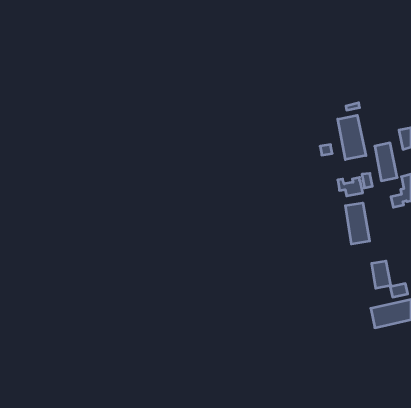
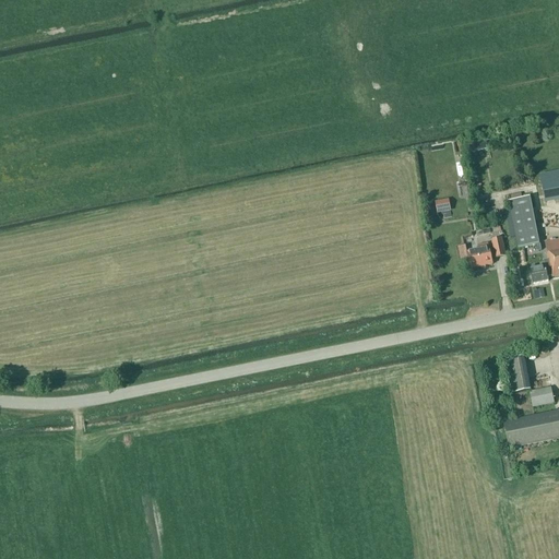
building: [338,115,366,160] -> none
building: [345,203,370,244] -> none

